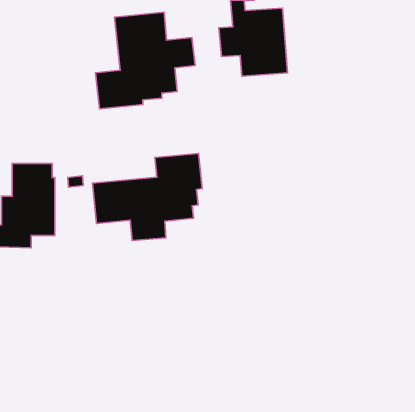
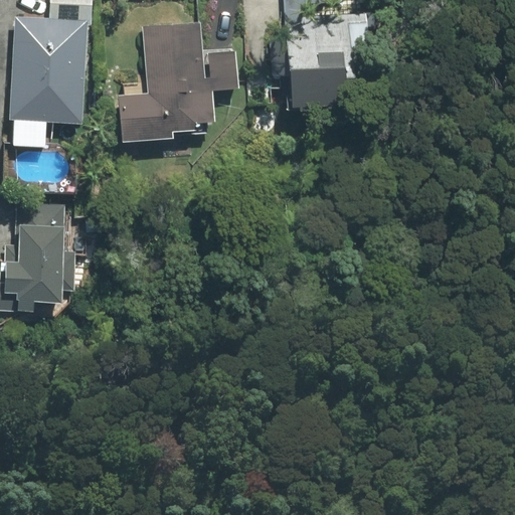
building: none -> [10,20,89,124]
building: [93,154,202,241] -> none

